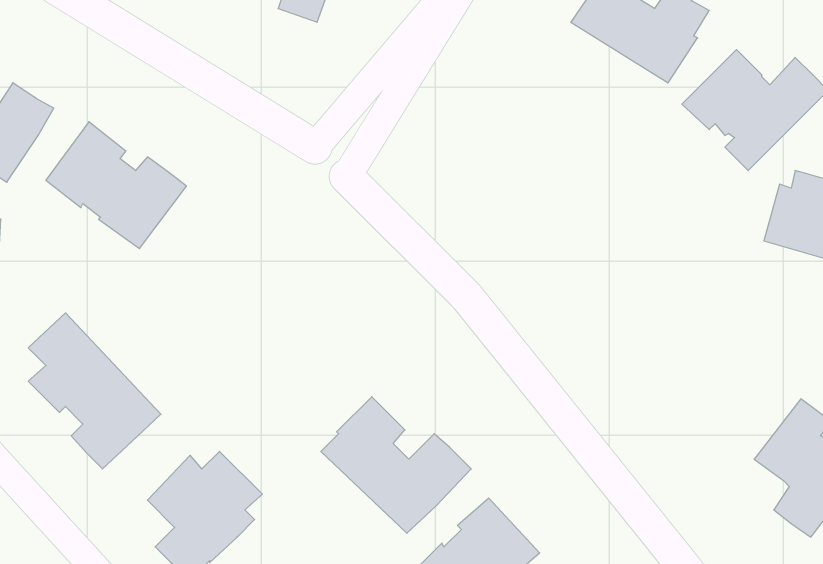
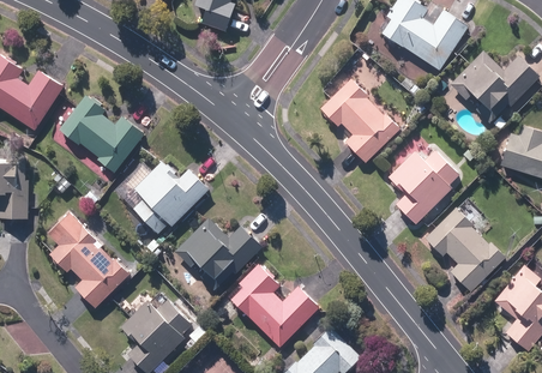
building: none -> [320,78,401,162]
building: none -> [387,149,458,224]
building: none -> [131,158,209,235]
building: none -> [423,205,505,291]
building: none -> [175,217,263,291]

